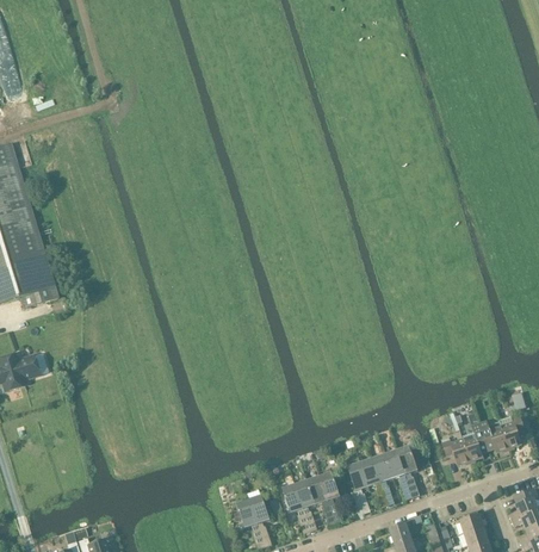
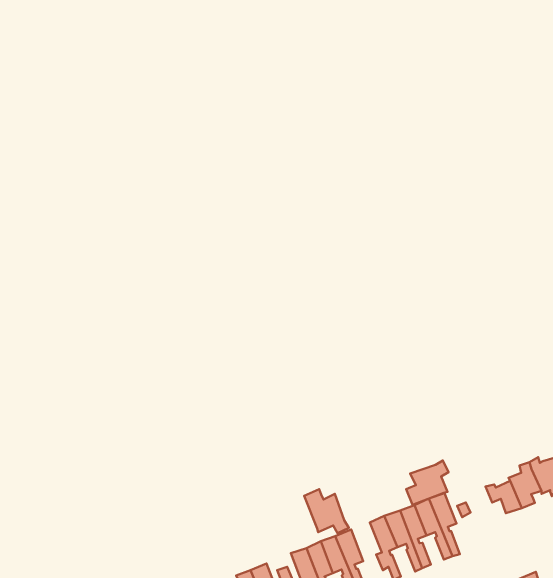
building: none -> [406,460,448,505]
building: none -> [304,489,349,533]

